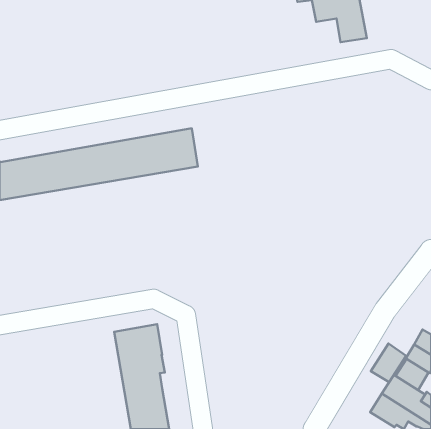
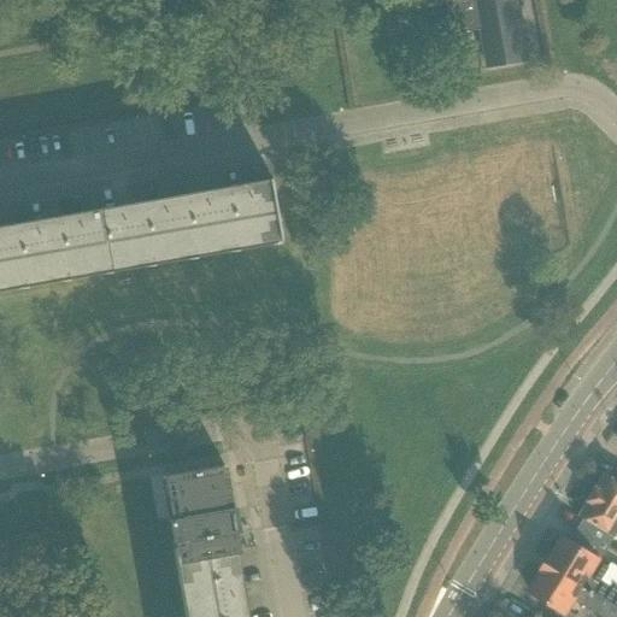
building: [371,343,406,382] -> none

